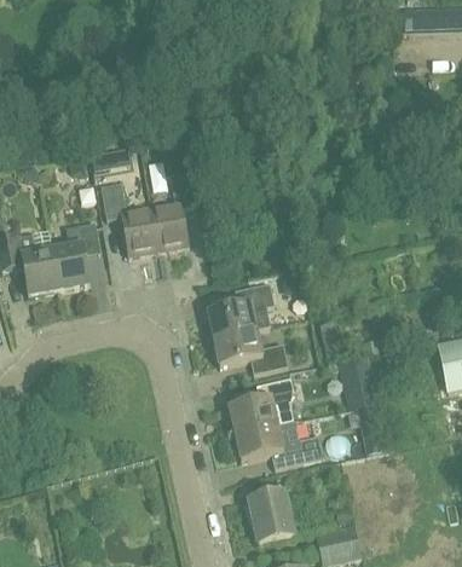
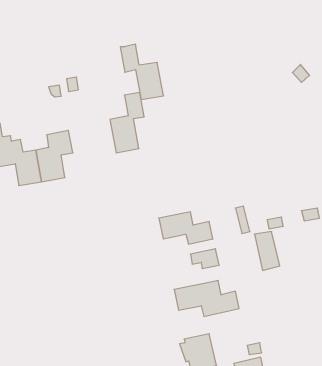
building: [102,181,160,255] -> [120,44,164,99]
building: [210,282,277,337] -> none
building: [231,397,279,433] -> none

